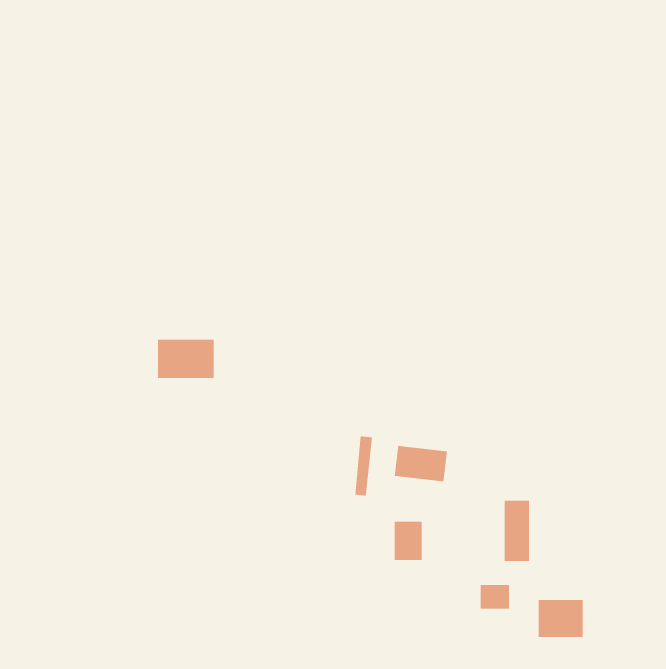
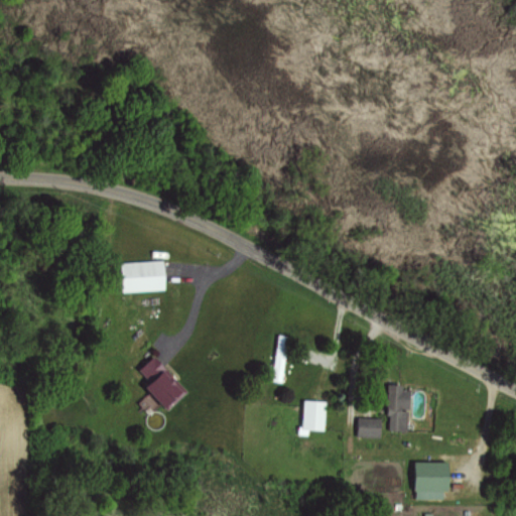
building: [394,445,447,482] -> none
building: none -> [139,358,187,410]
building: [480,584,510,609] -> [358,418,381,437]

